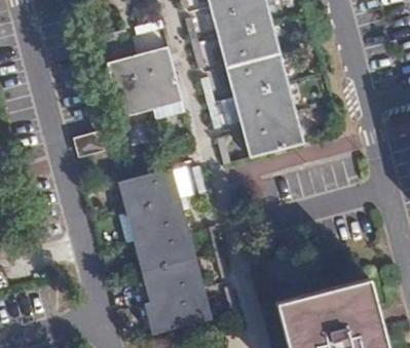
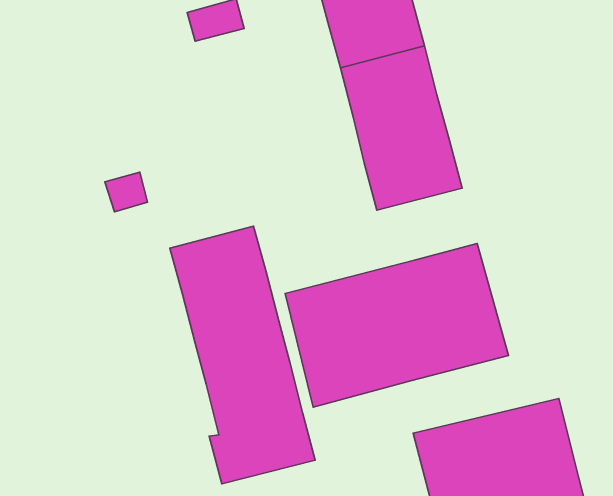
building: [106,46,182,118] -> none
building: none -> [285,244,509,407]

